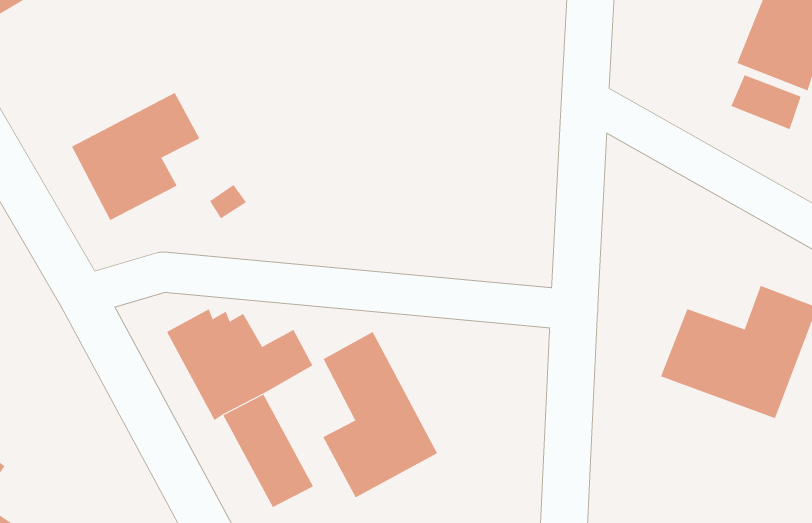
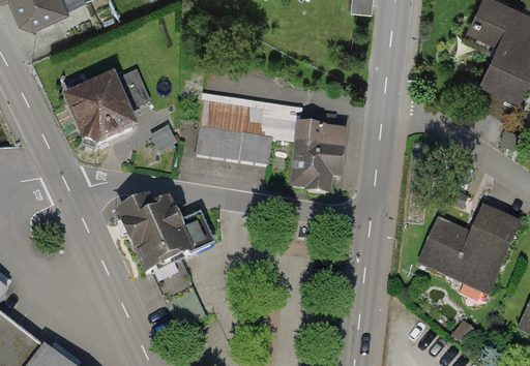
building: none -> [196,99,345,195]
building: [322,331,438,498] -> none

